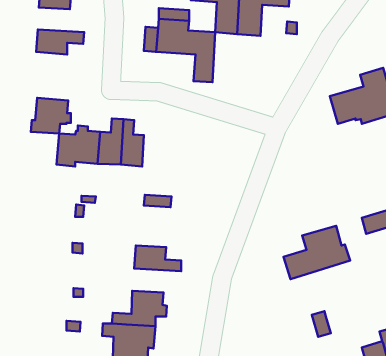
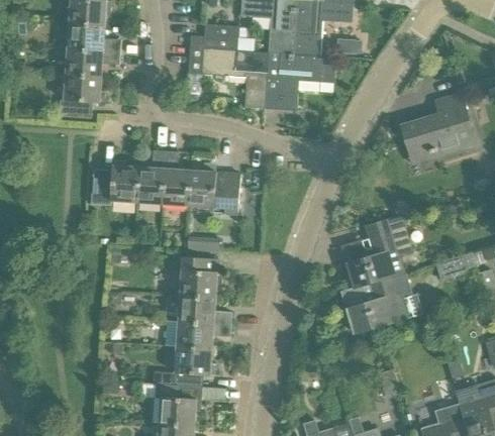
building: none -> [67,23,120,51]
building: none -> [265,51,335,110]
building: [31,98,71,134] -> [58,74,103,114]
building: none -> [185,165,238,213]
building: none -> [345,214,410,286]
building: none -> [174,255,219,296]
building: none -> [162,319,229,347]

